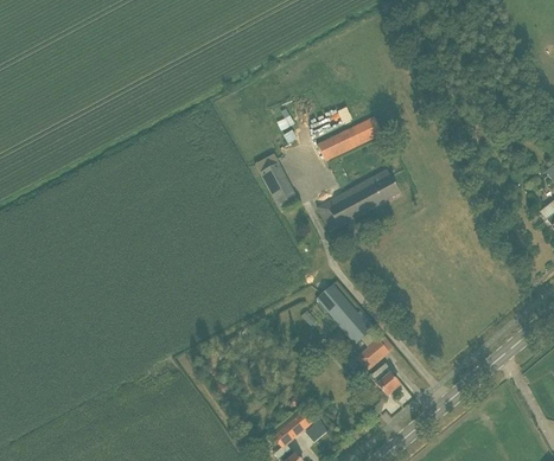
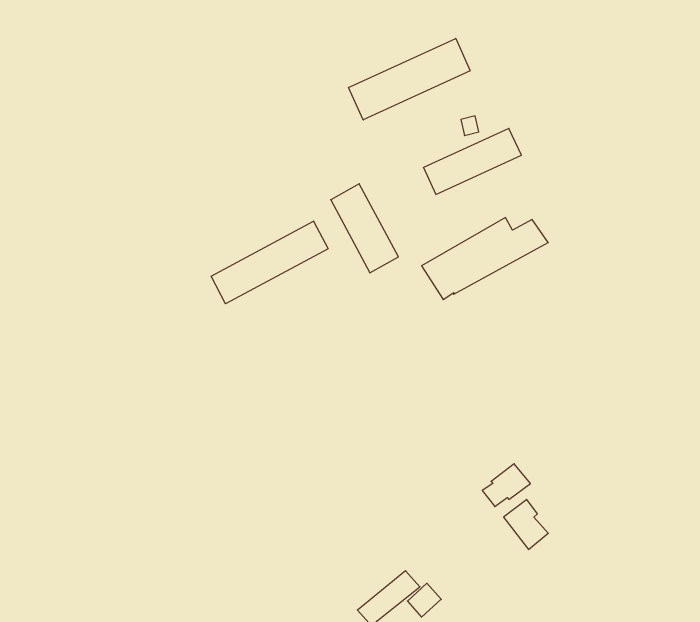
building: none -> [349,38,470,120]
building: none -> [211,221,328,304]
building: [318,284,372,344] -> none

